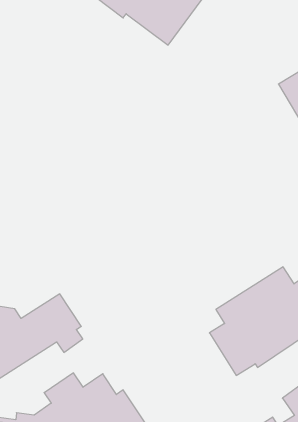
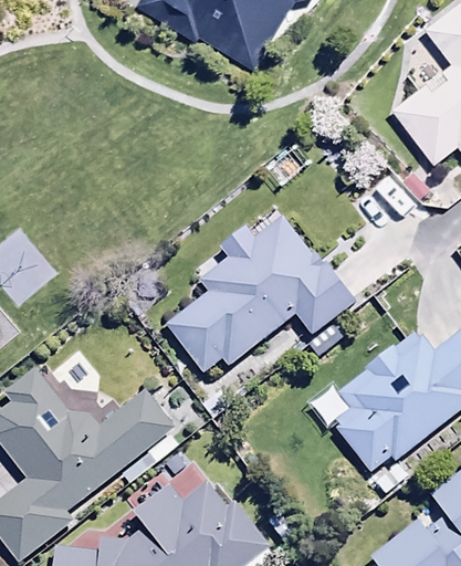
building: none -> [170,214,356,371]

